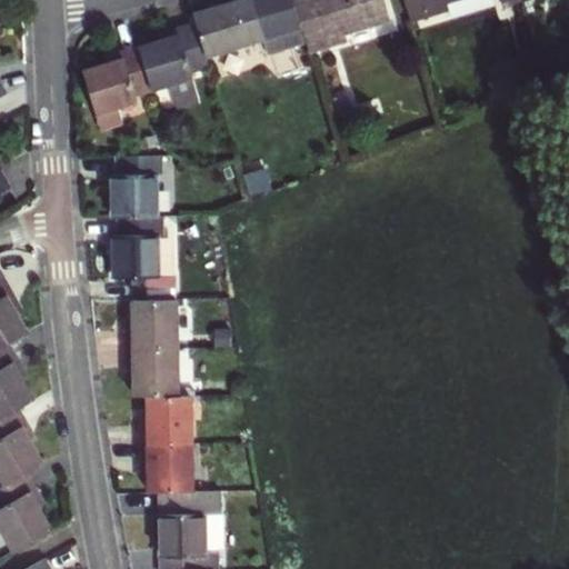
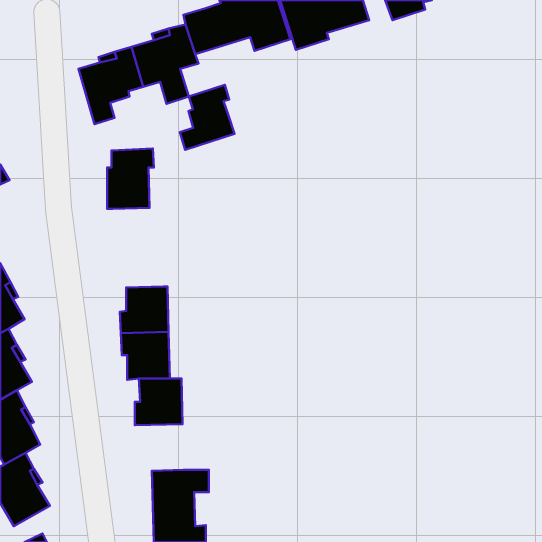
building: none -> [180,85,234,150]
building: [112,218,171,301] -> none
building: [141,445,192,493] -> none

